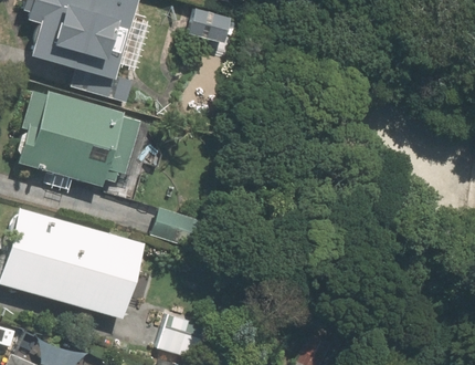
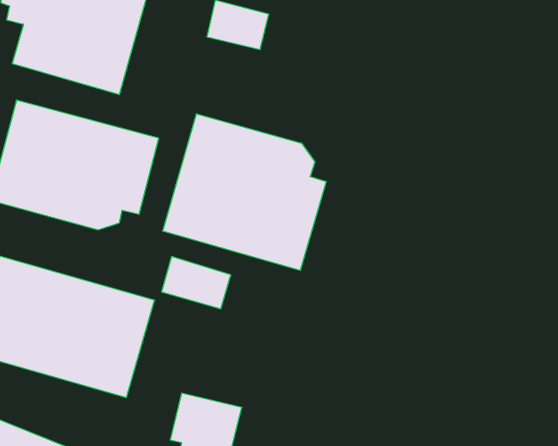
building: none -> [163,114,326,270]

